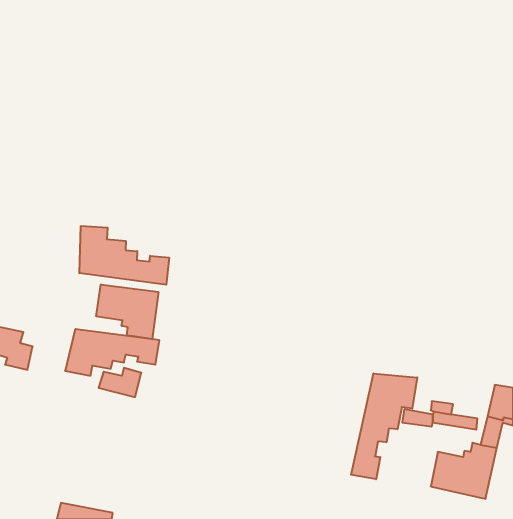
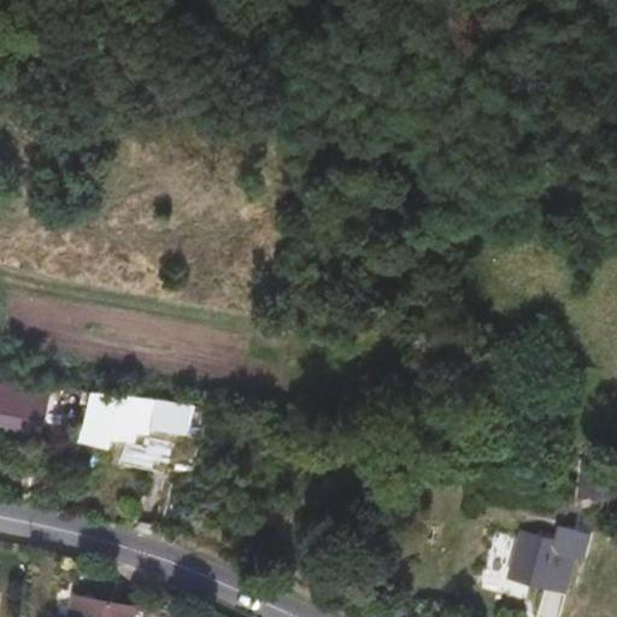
building: [79,226,169,285] -> none
building: [96,284,158,339] -> none
building: [351,373,417,479] -> none

